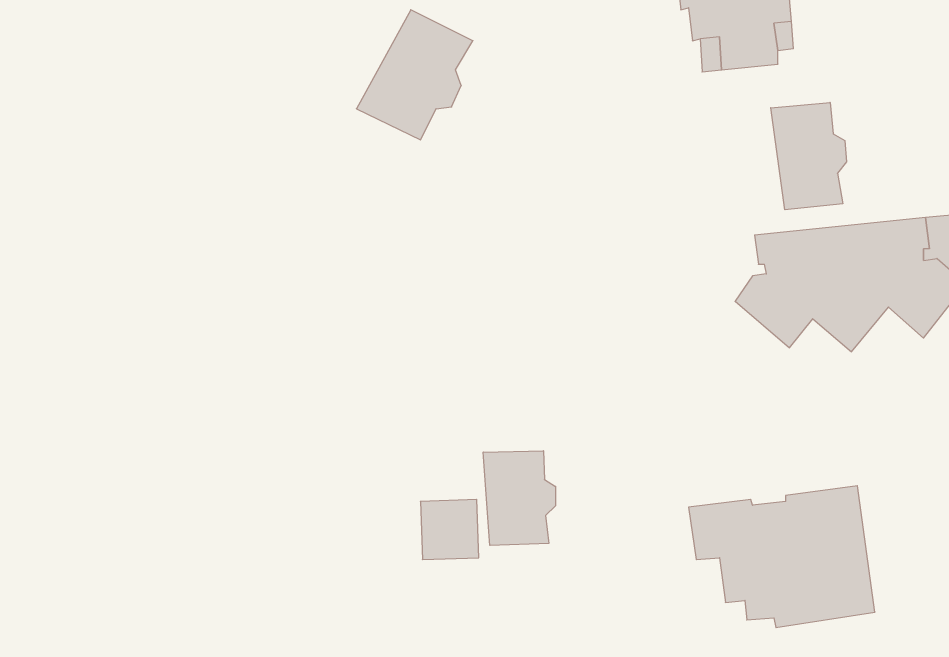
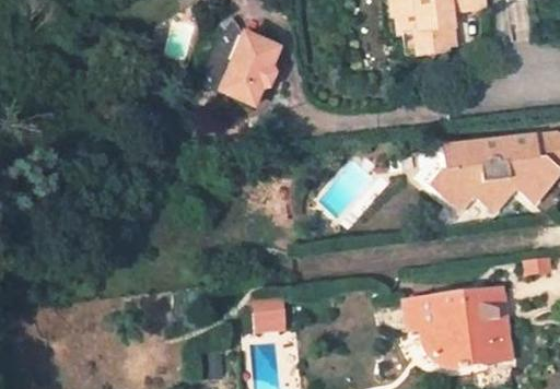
building: [771,102,846,210] -> none
building: [483,451,556,545] -> none

